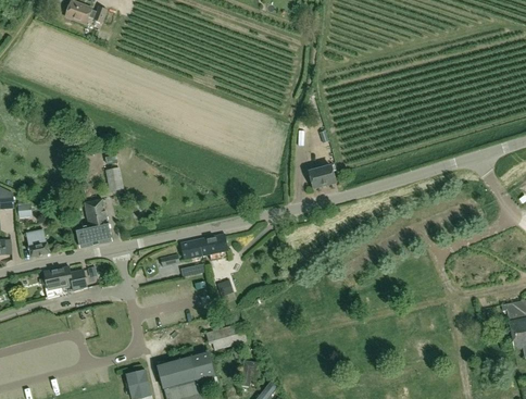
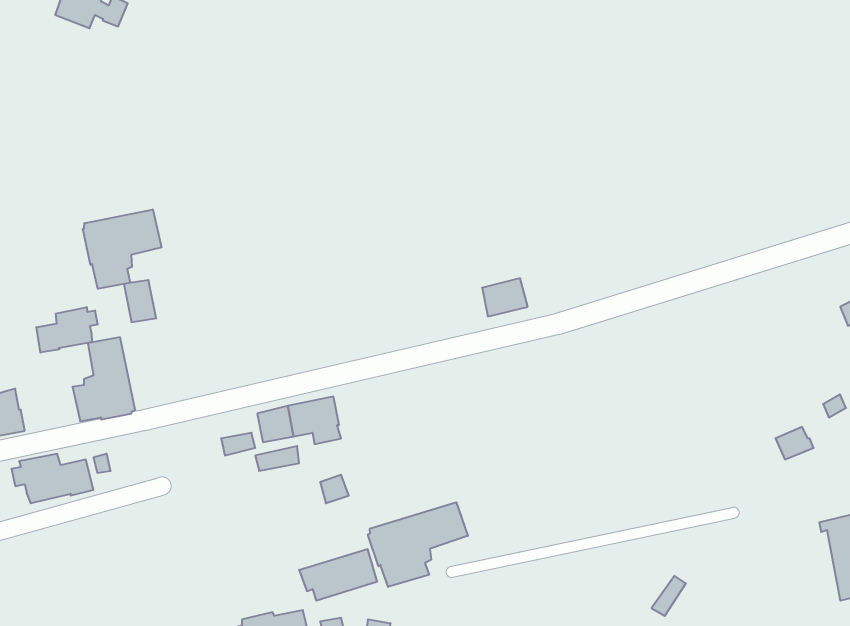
building: none -> [83,209,161,289]
building: none -> [36,307,98,353]
building: none -> [368,502,468,587]

